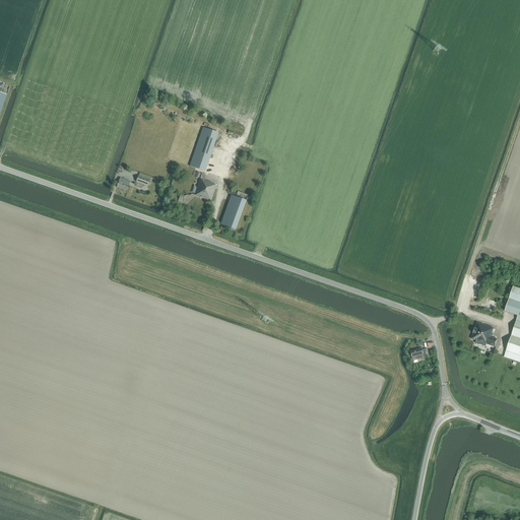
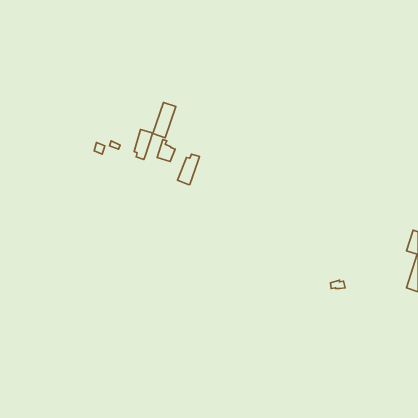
building: none -> [134,129,152,160]
building: [471,322,497,346] -> none

